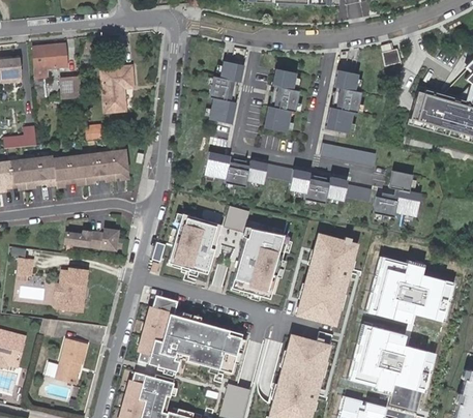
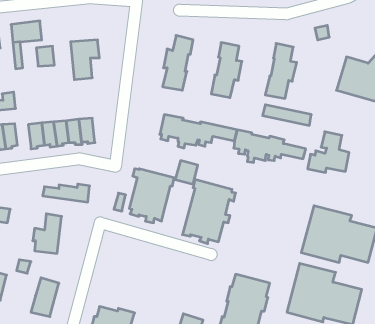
building: [37,159,56,188] -> none
building: [297,234,357,325] -> none
building: [138,295,245,375] -> none

